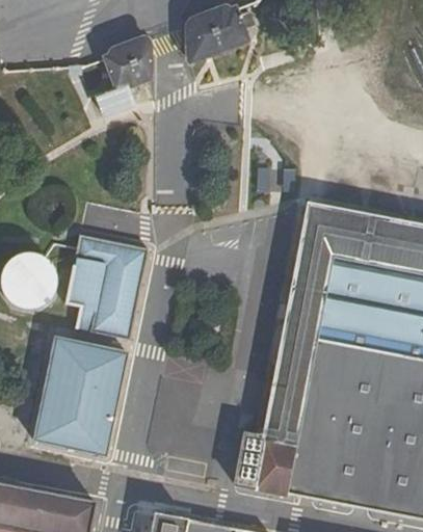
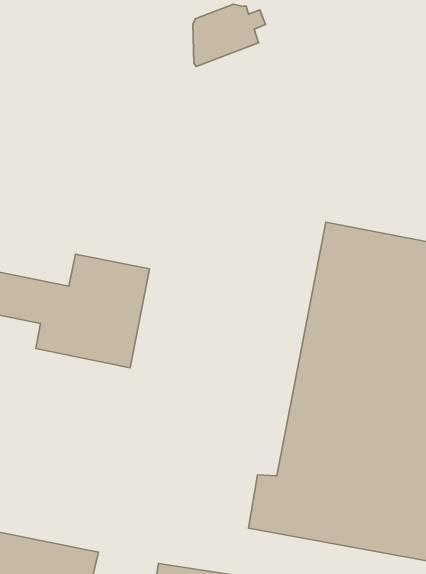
building: [97,34,151,112] -> none
building: [33,336,126,452] -> none

